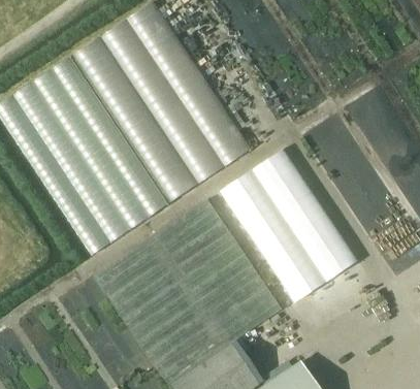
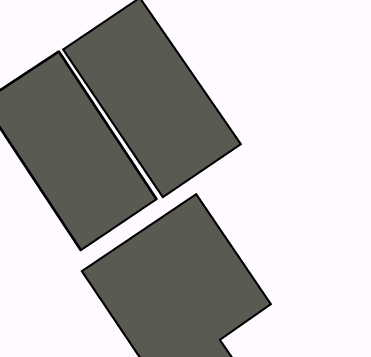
building: [221,148,359,301] -> none

